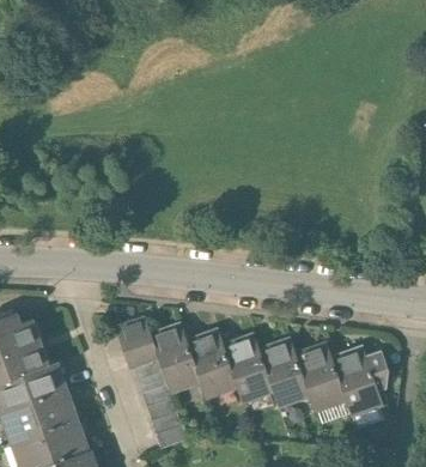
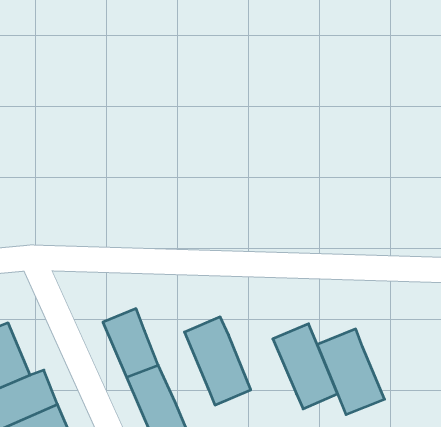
building: [151,325,201,396] -> none
building: [221,332,275,407] -> none
building: [334,350,387,419] -> none

